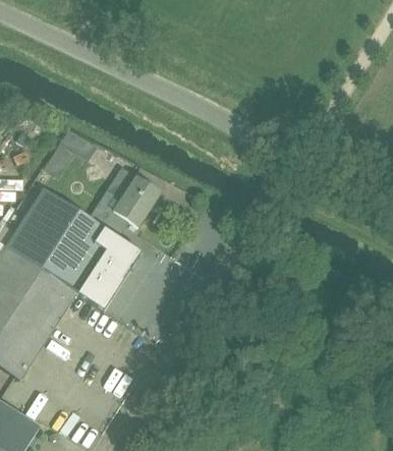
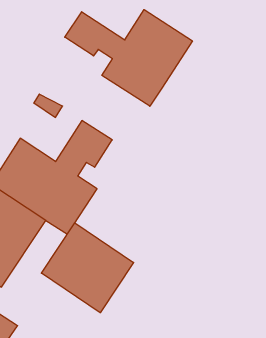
building: none -> [65,10,192,106]
building: none -> [41,223,134,313]

